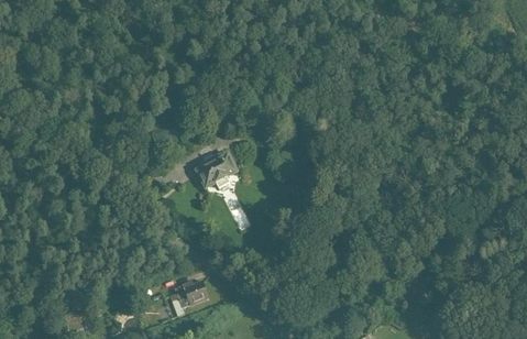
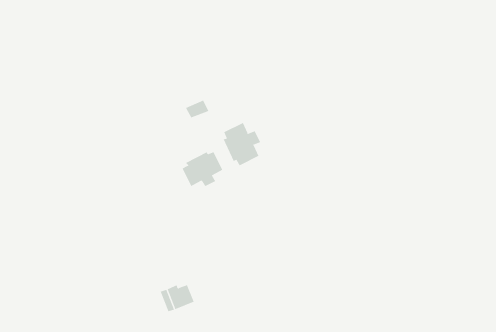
building: none -> [223,122,261,166]

